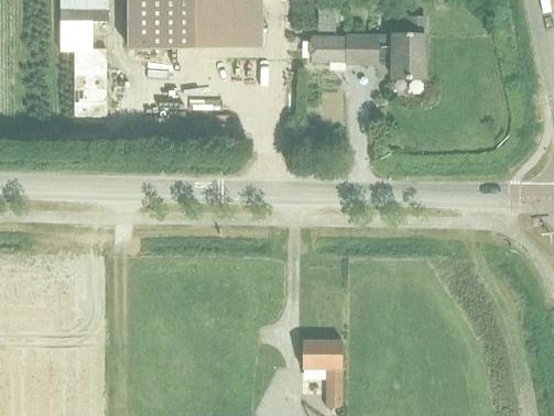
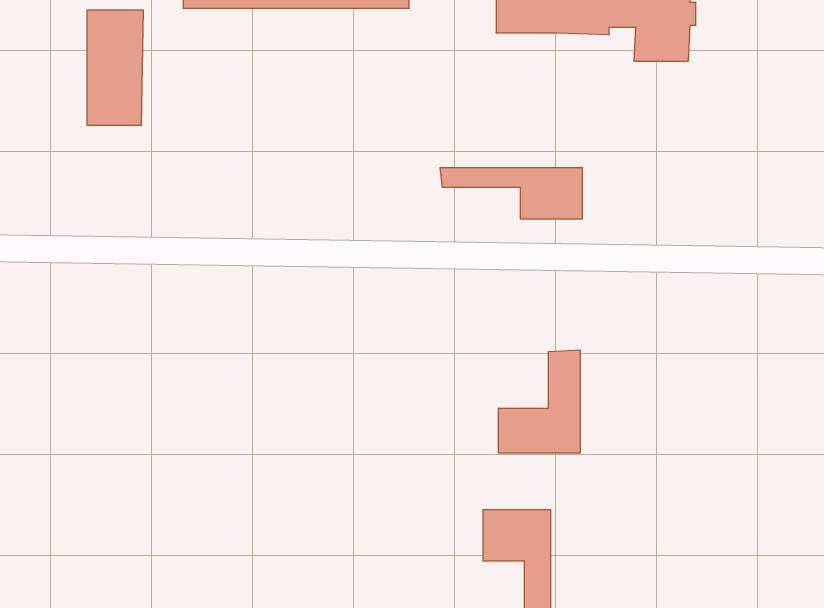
building: none -> [440,167,582,219]
building: none -> [499,350,580,453]

